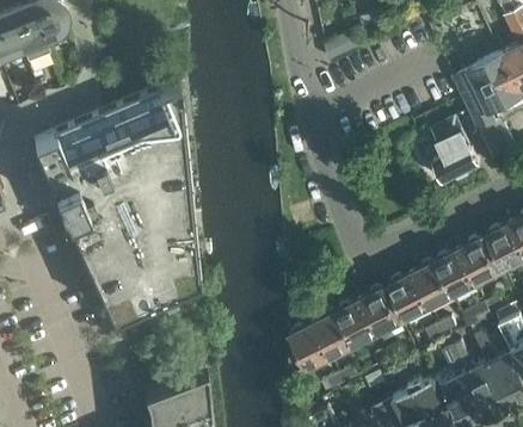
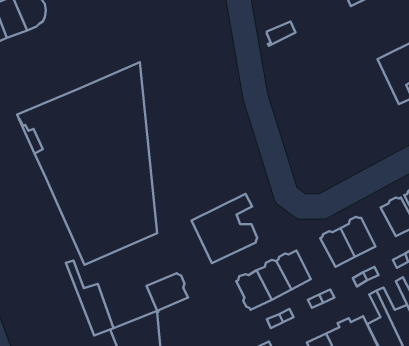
building: [429,119,478,186] -> none
building: none -> [191,194,257,263]
building: [433,253,474,298] -> none
building: [358,291,399,336] -> none
building: none -> [66,261,114,336]
building: none -> [147,273,188,311]

